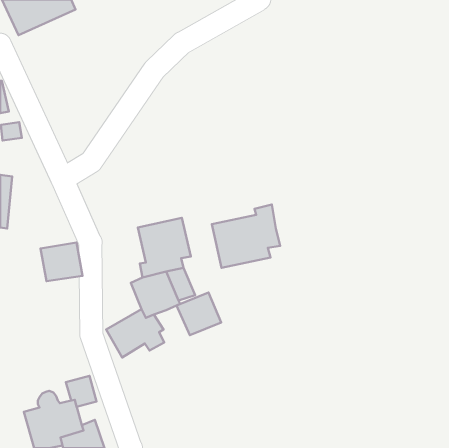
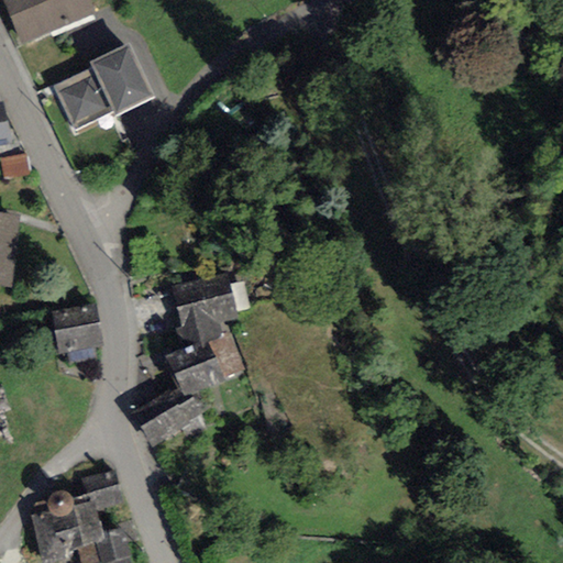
building: none -> [53,43,154,129]
building: [212,204,280,268] -> none
building: [176,293,221,335] -> none

